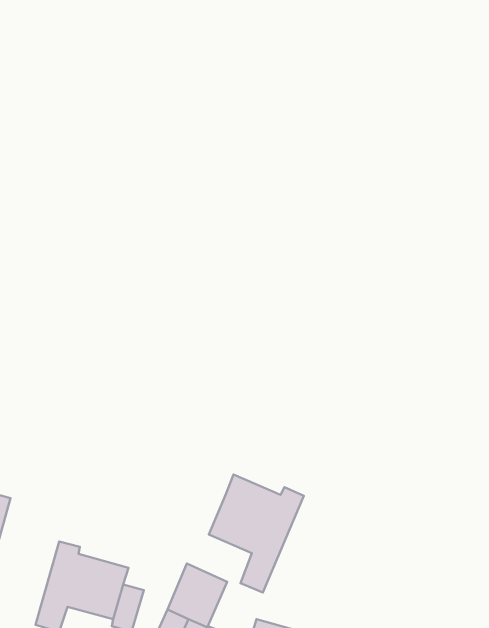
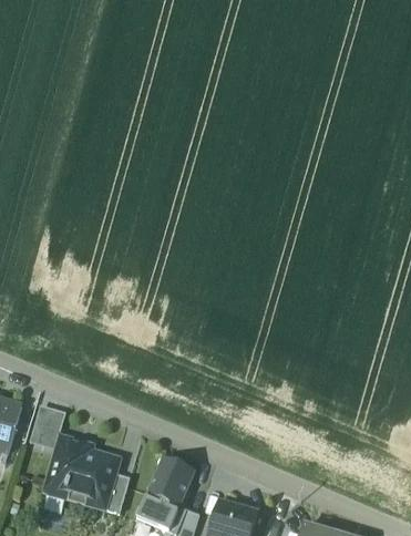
building: [209,474,304,592] -> none
building: none -> [31,405,66,449]

